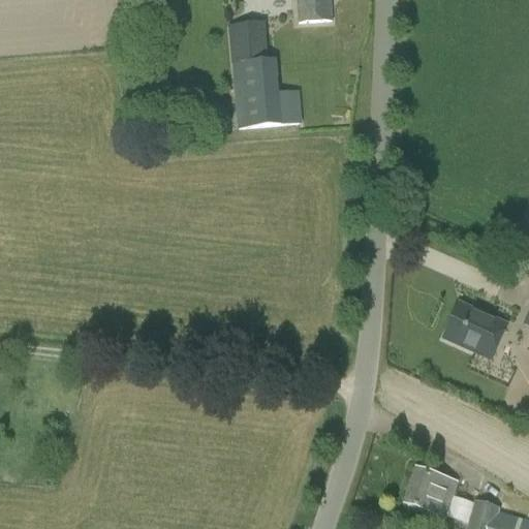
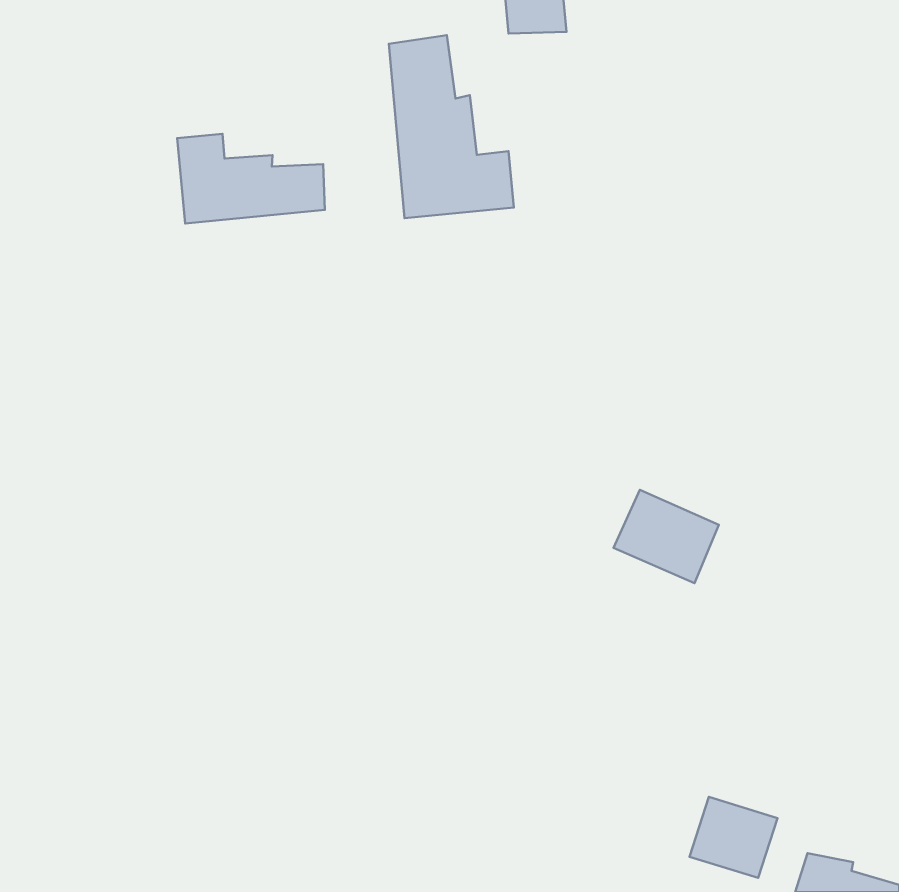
building: none -> [177,134,325,223]
building: [444,302,506,356] -> [613,490,719,583]

